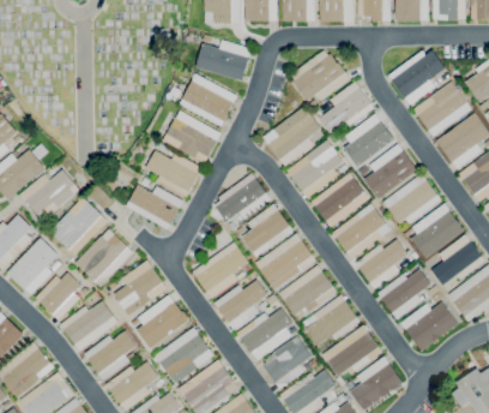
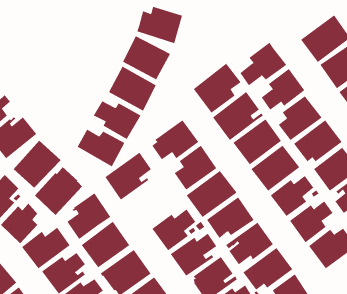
building: [290,50,350,101] -> none
building: [192,241,248,299] -> [104,152,152,200]

